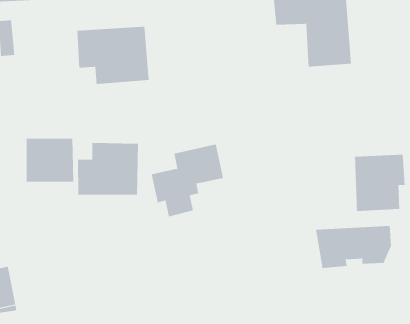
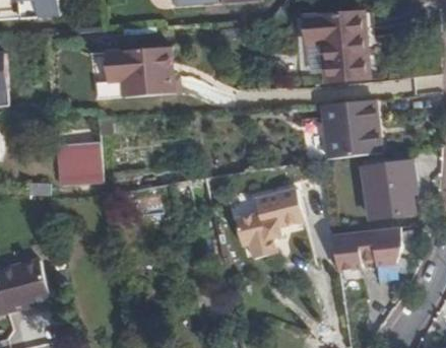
building: none -> [325,96,380,160]
building: [78,142,138,195] -> none
building: [151,144,224,217] -> [233,191,302,260]

